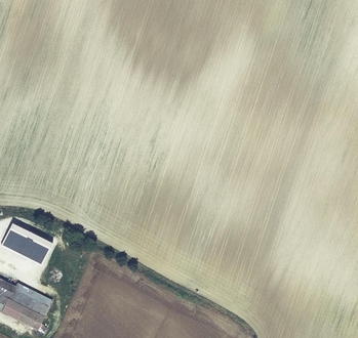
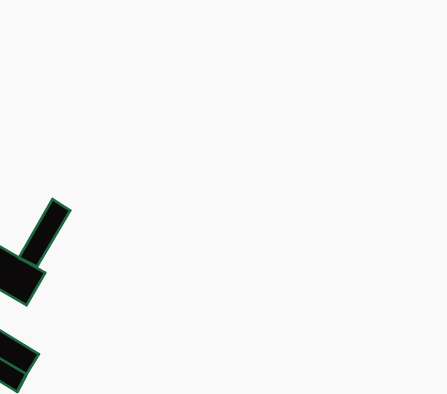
building: none -> [19,199,70,267]

